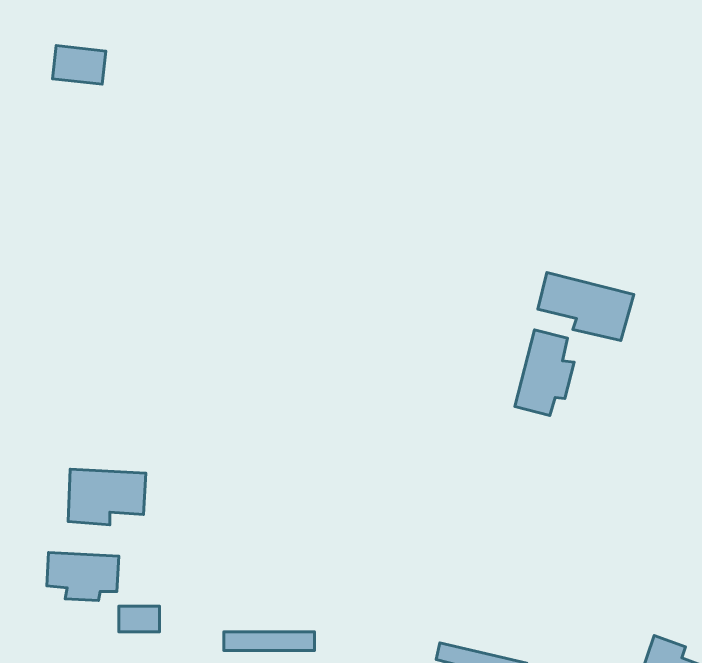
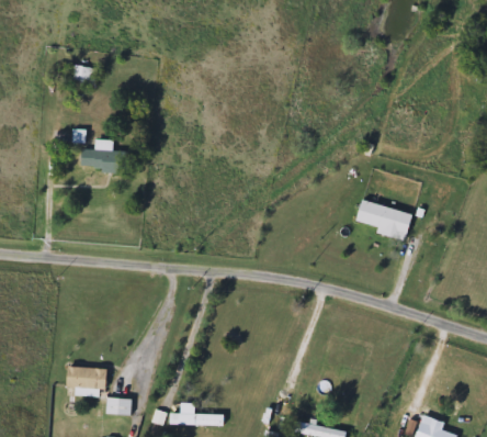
building: none -> [80,138,131,171]
building: [515,330,574,415] -> none
building: [68,469,146,525] -> none

